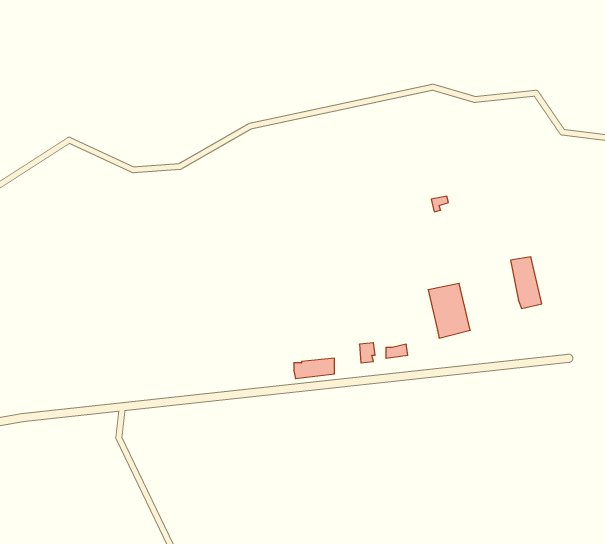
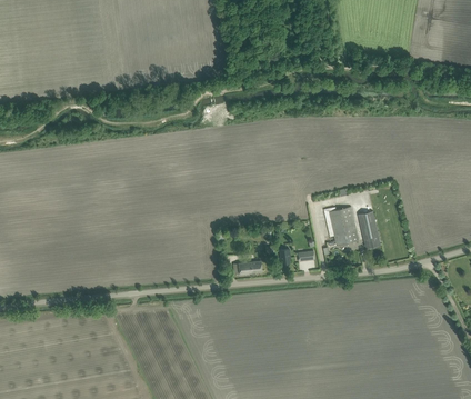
building: [511,257,542,308] -> [358,211,380,248]

